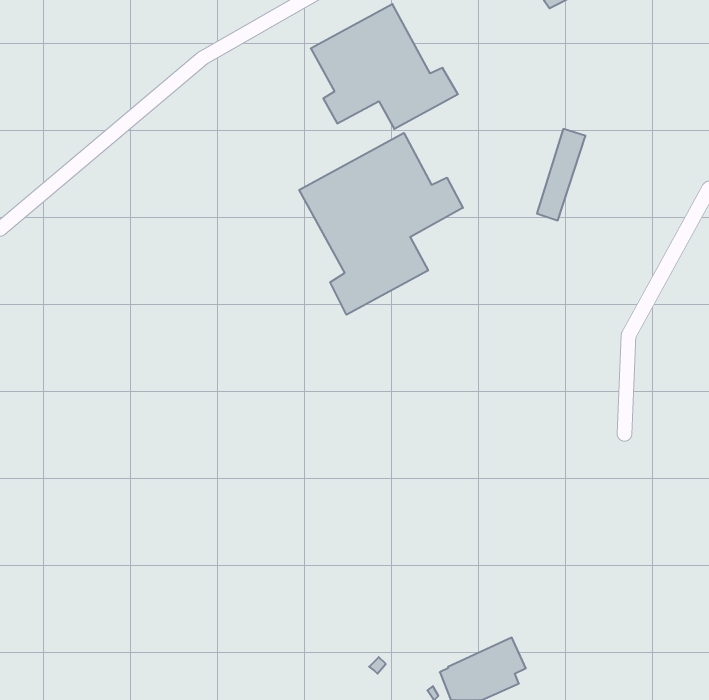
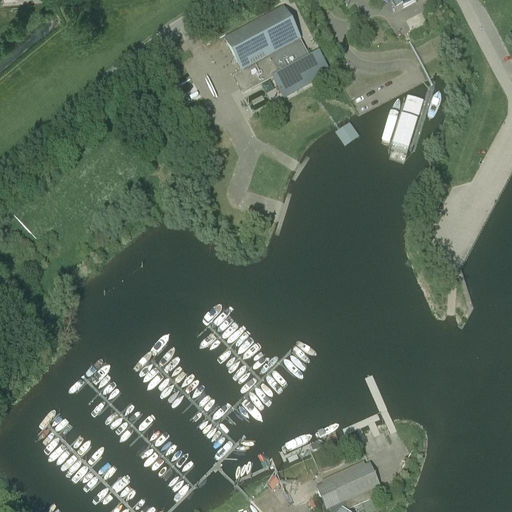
building: [299,133,463,315] -> none

